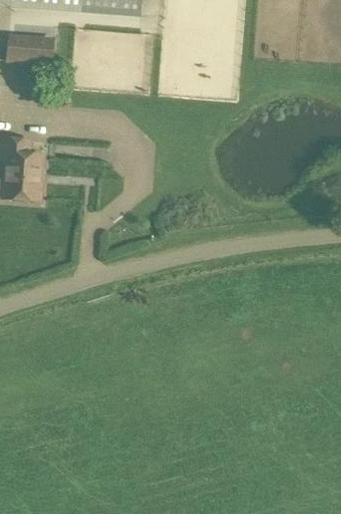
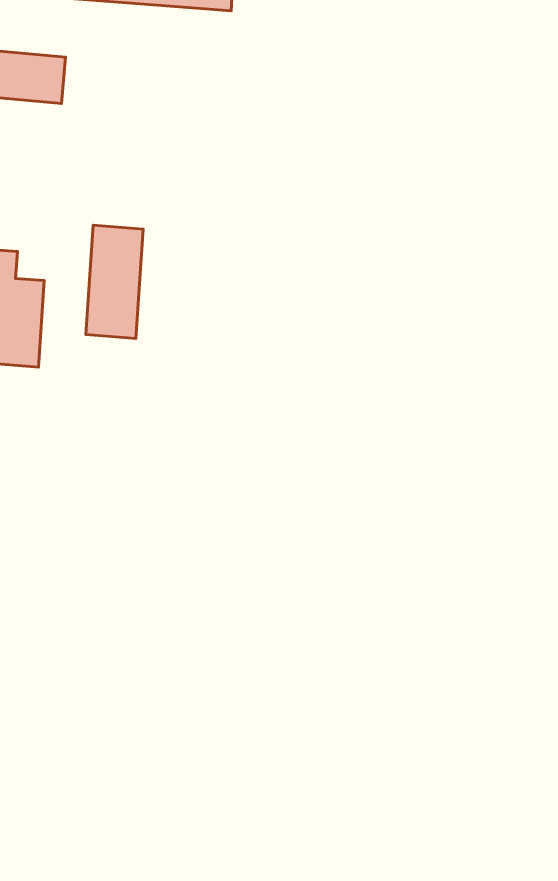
building: none -> [86,225,143,338]

